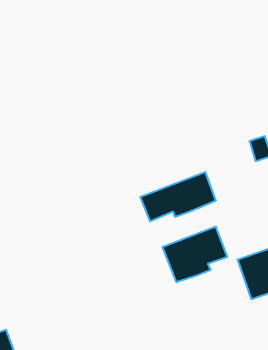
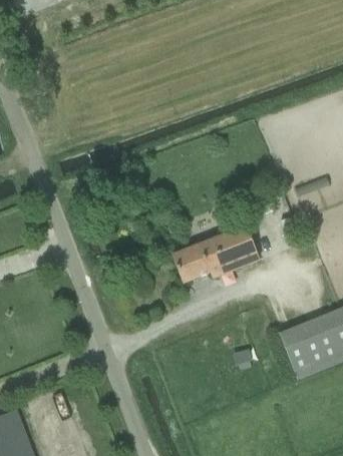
building: [163,227,227,282] -> none

